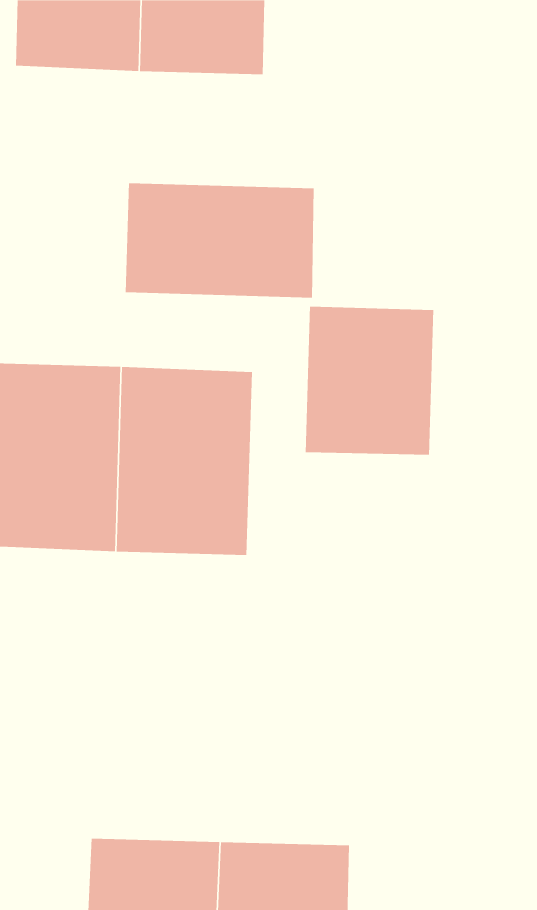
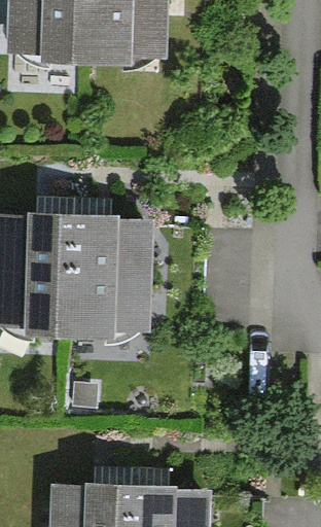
building: [125,183,314,298] -> none
building: [305,306,434,455] -> none

